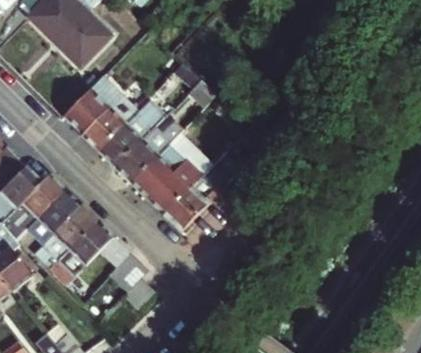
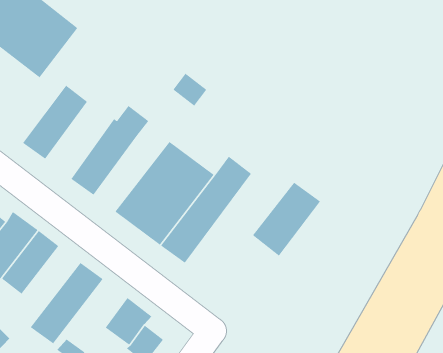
building: [78,92,137,153] -> none
building: [113,121,182,184] -> none
building: none -> [252,182,321,257]
building: [33,206,95,268] -> none

